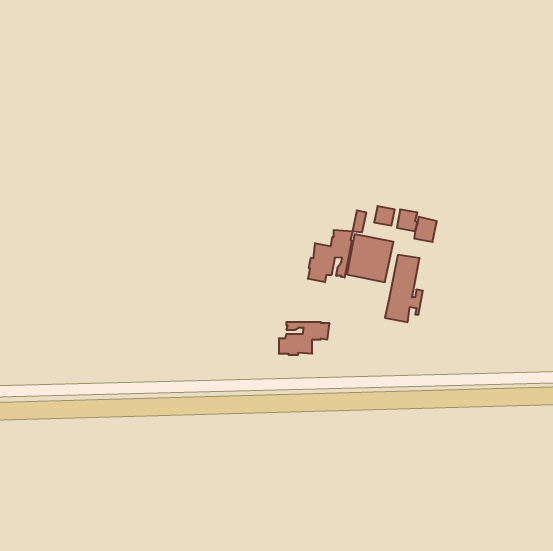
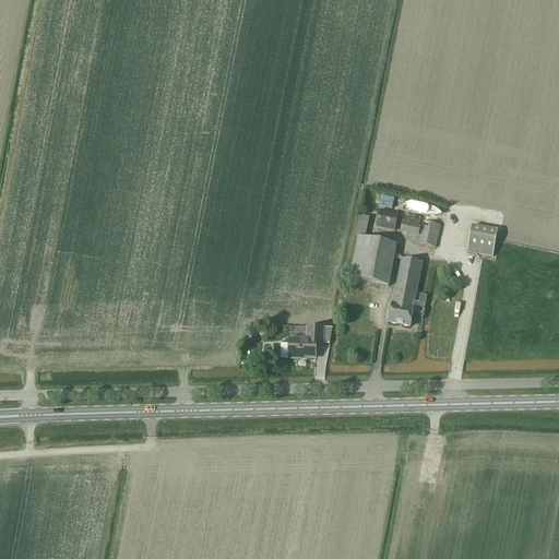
building: none -> [466,223,497,253]
building: [308,230,352,282] -> none

